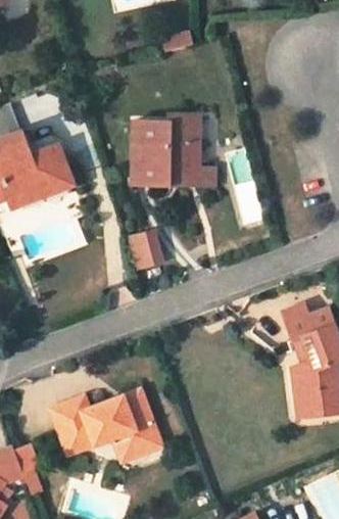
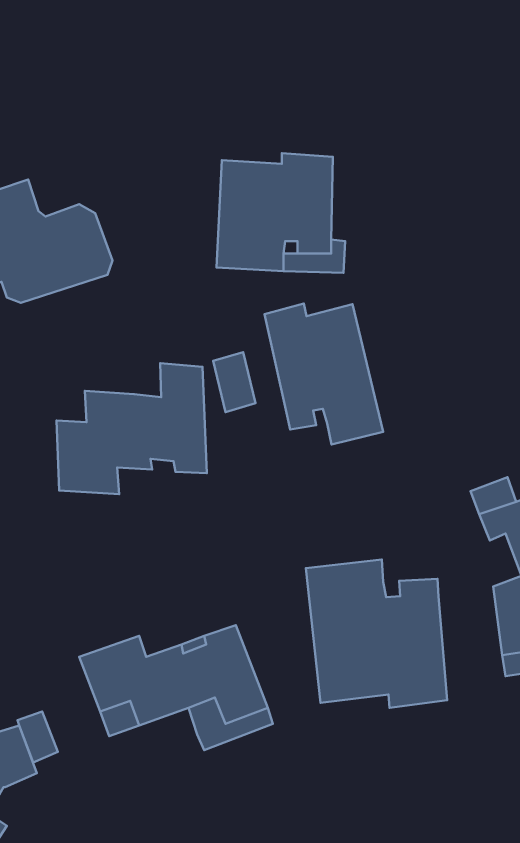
building: none -> [265,303,383,444]
building: none -> [57,363,207,494]
building: none -> [306,560,447,708]

